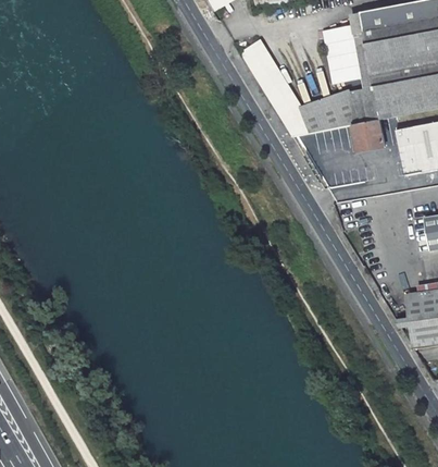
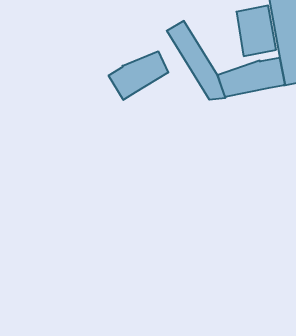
building: none -> [109,51,168,100]
building: [354,118,386,150] -> none

